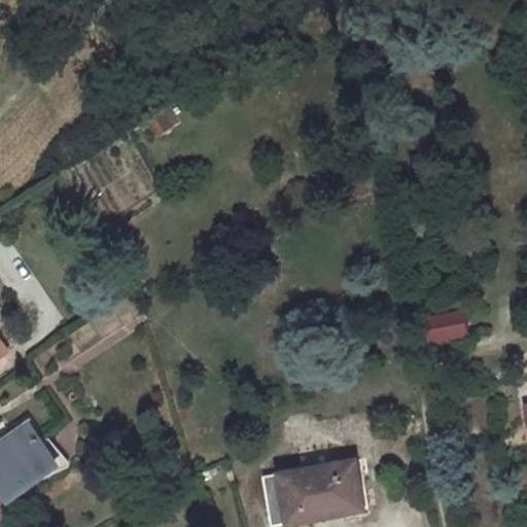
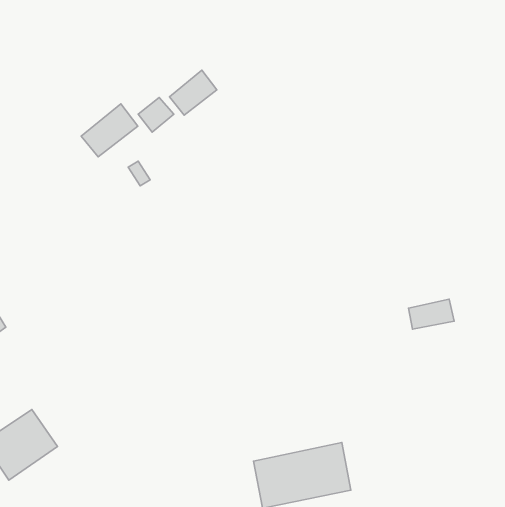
building: none -> [169,70,217,115]
building: none -> [81,104,138,157]

